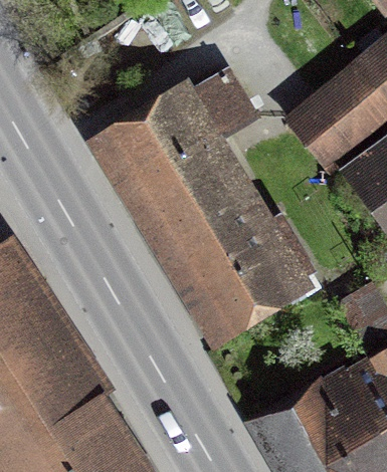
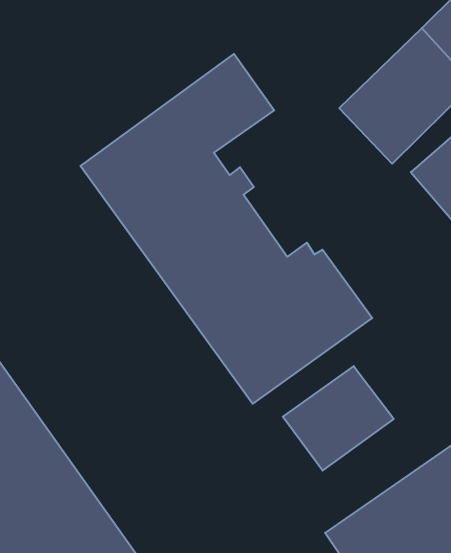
building: none -> [283,366,394,471]

